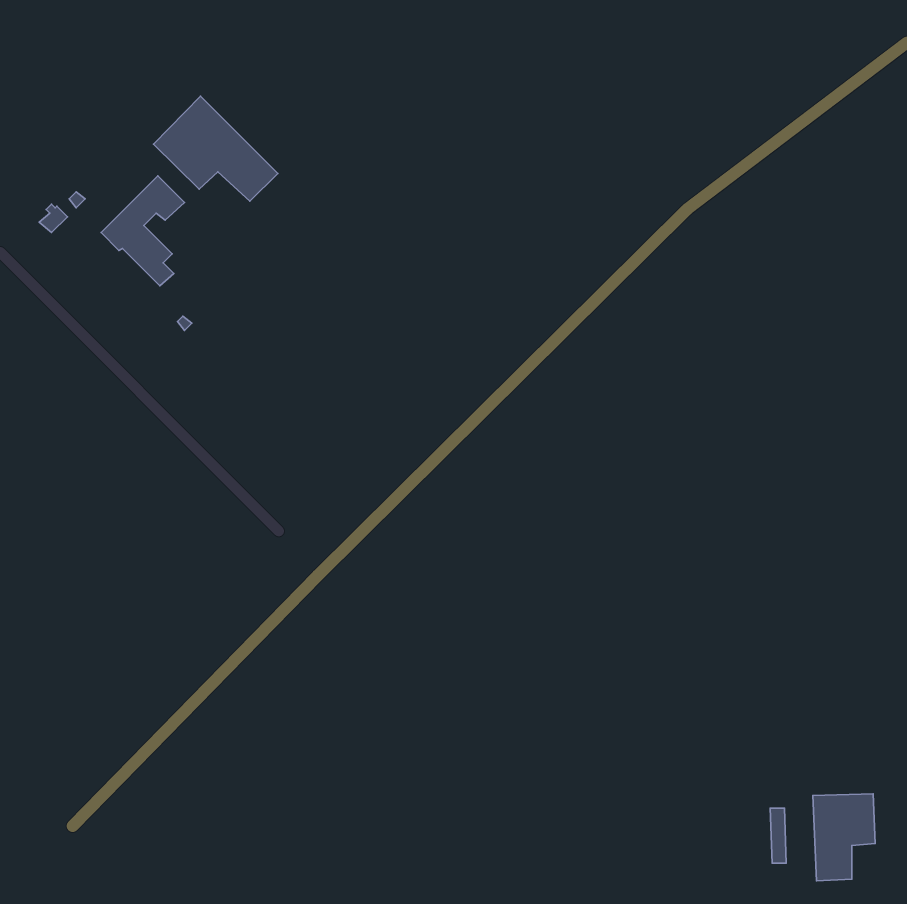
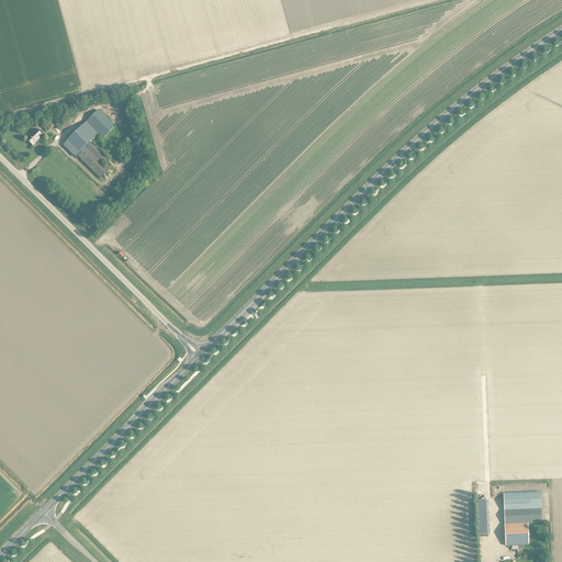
building: [154,96,278,201] -> none

